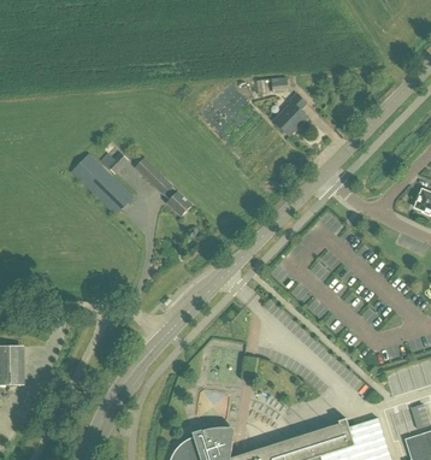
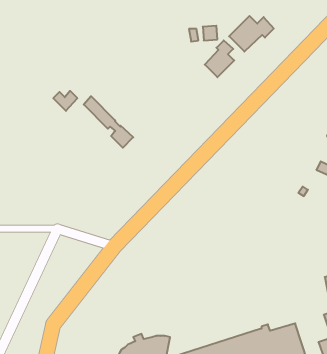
building: none -> [229,16,274,52]
building: [71,153,132,214] -> none

